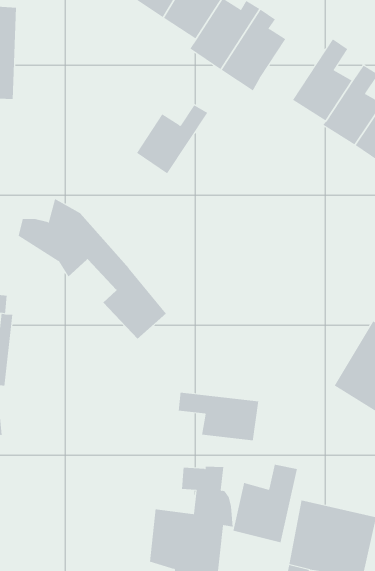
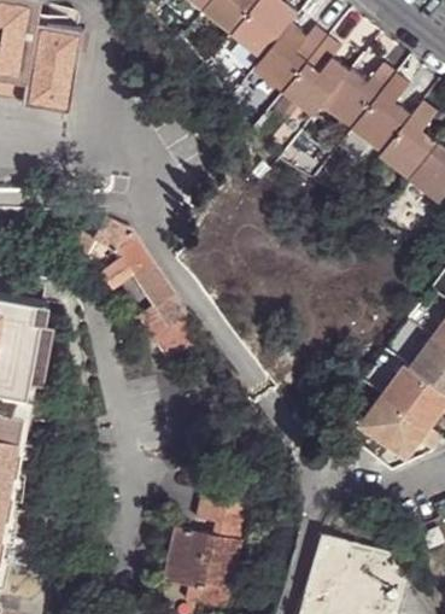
building: [136,104,208,174] -> [320,69,394,135]
building: [178,392,259,441] -> none
building: [233,464,298,543] -> none

